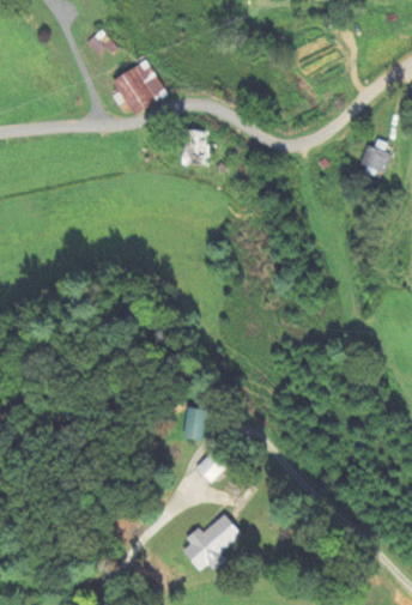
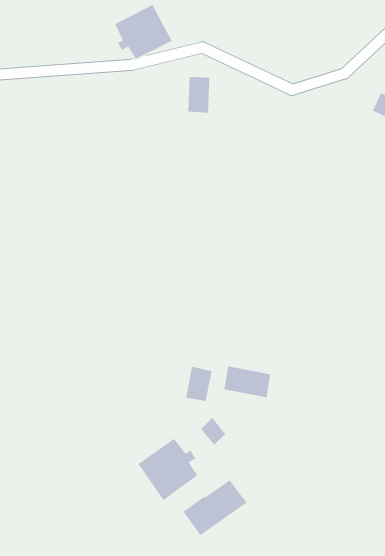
building: none -> [224,365,271,398]
building: none -> [137,438,198,501]

